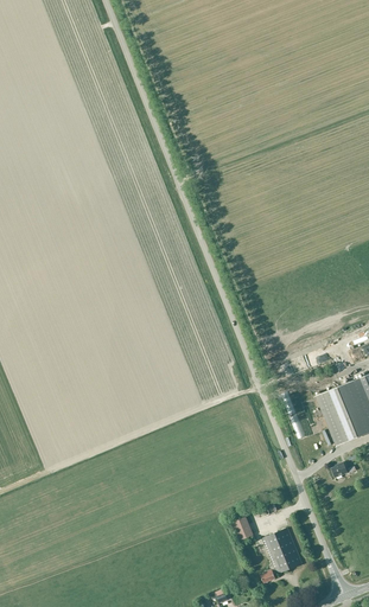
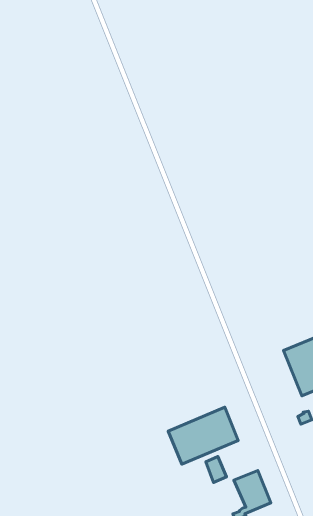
building: none -> [168,407,238,464]

